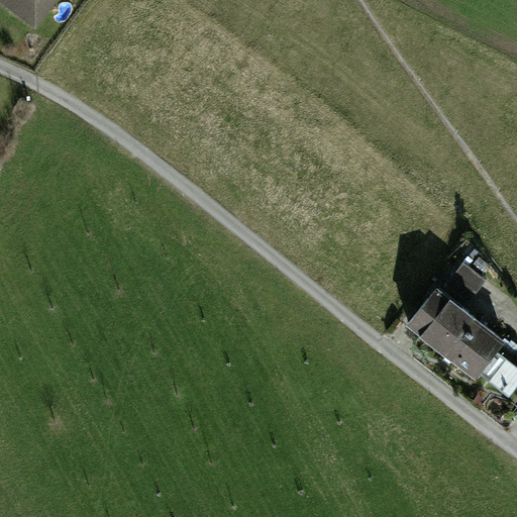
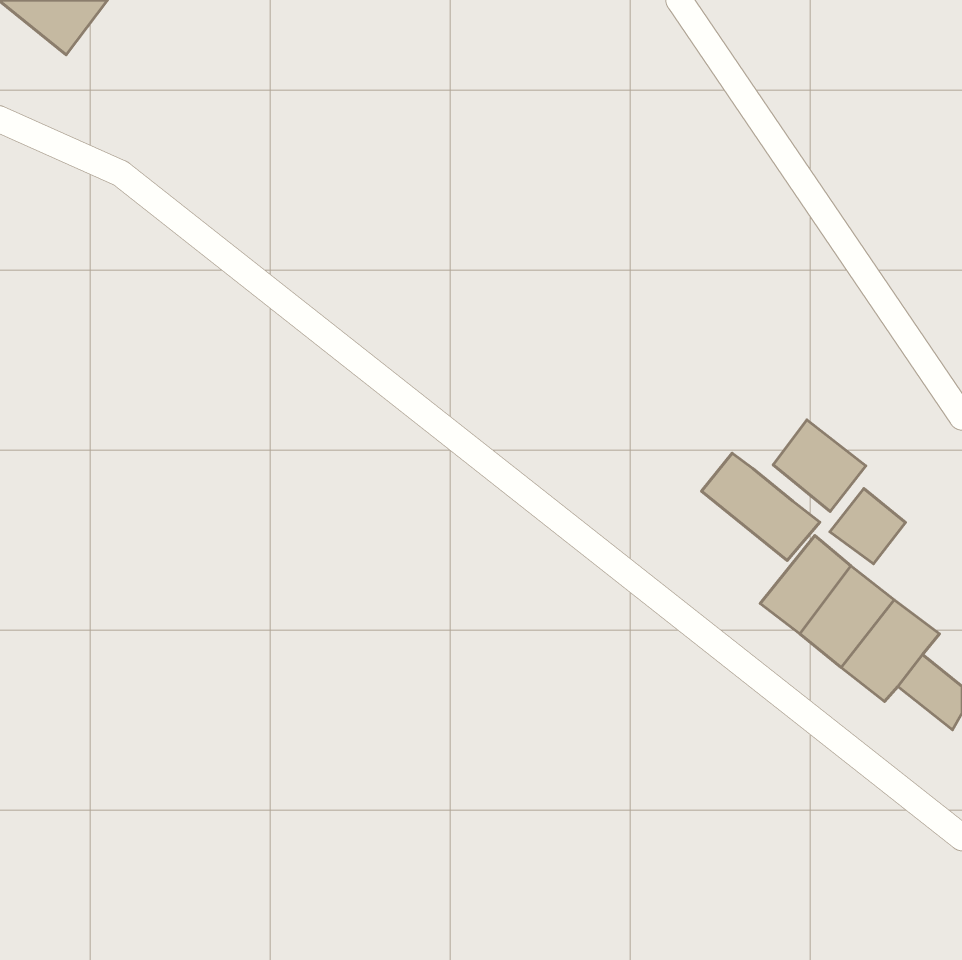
building: none -> [773,420,866,512]
building: none -> [701,453,820,561]

